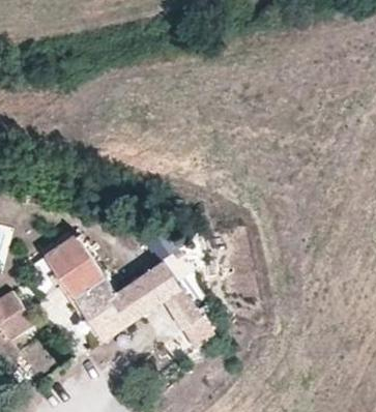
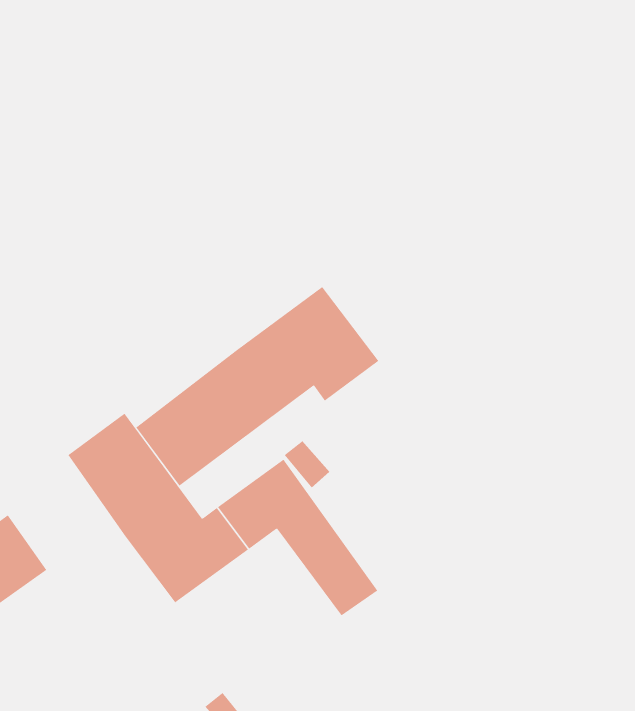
building: none -> [136,286,379,486]

